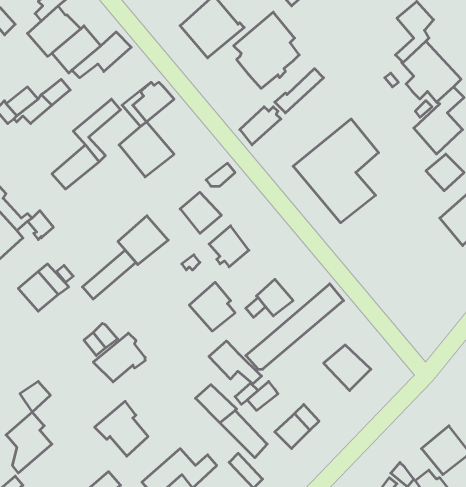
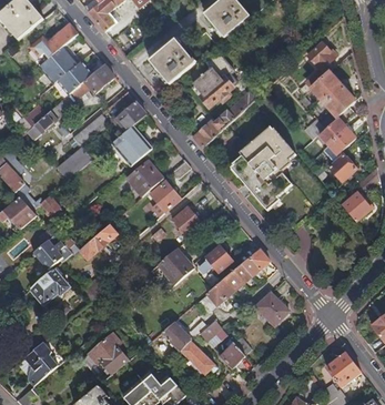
building: [118,216,168,265] -> [126,161,163,196]
building: [93,333,145,382] -> [29,267,67,303]
building: [209,341,262,384] -> none

